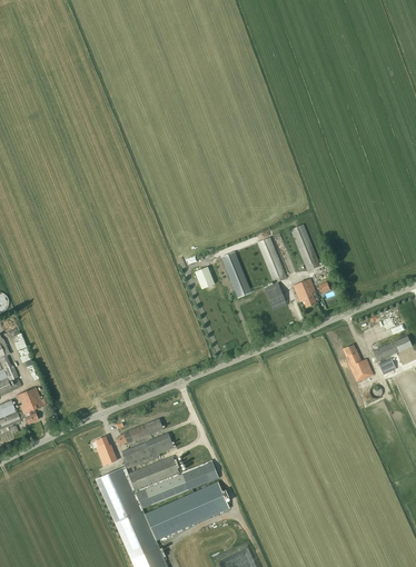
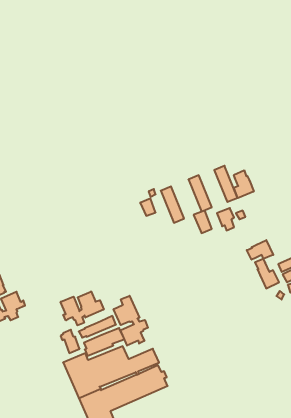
building: none -> [234,170,254,198]
building: none -> [247,240,273,260]
building: none -> [61,291,104,325]
building: none -> [114,296,148,346]

